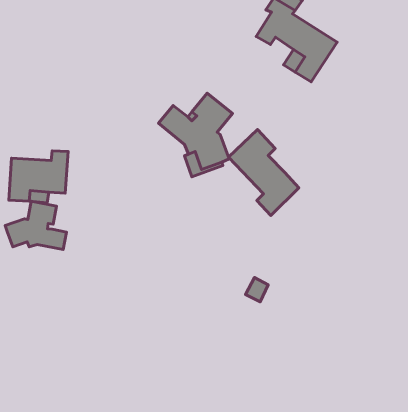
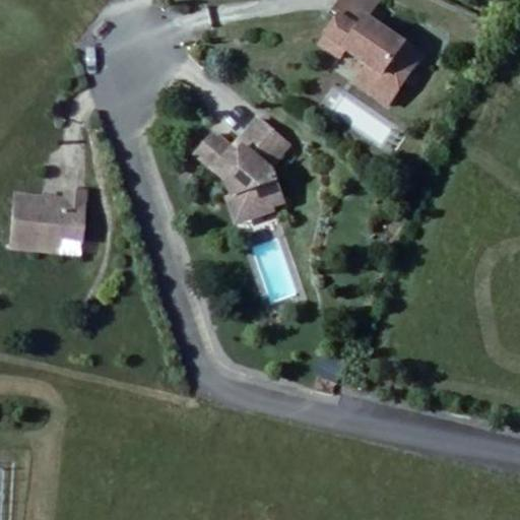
building: [229,130,299,216] -> none
building: [5,201,67,249] -> none

